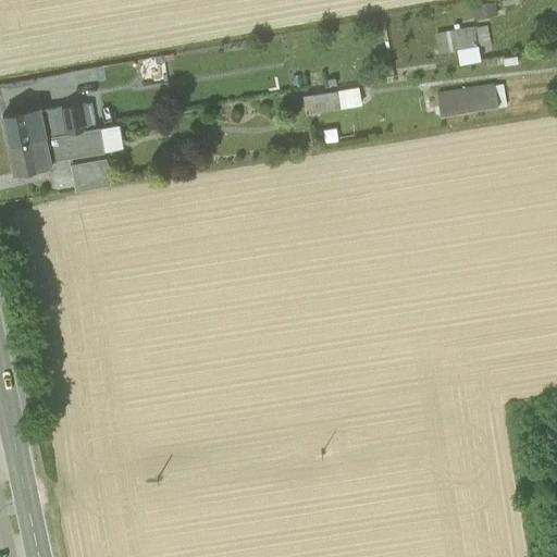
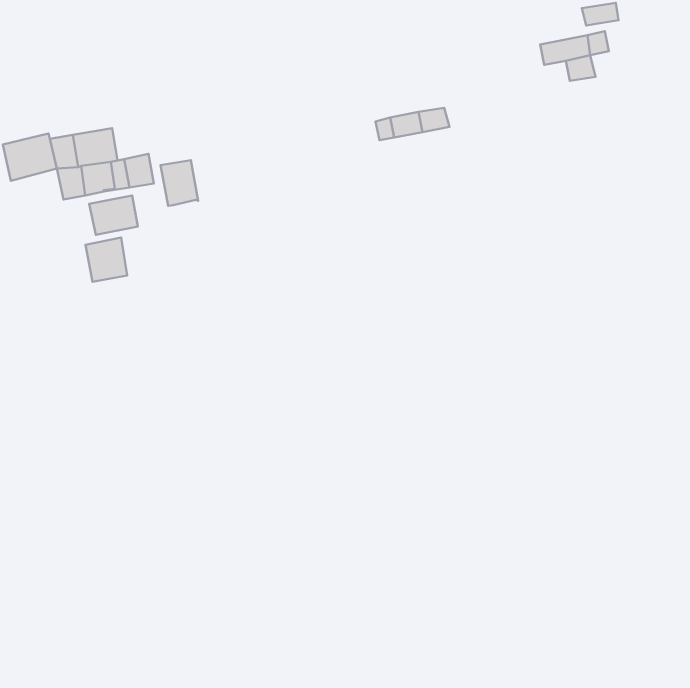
building: [438,85,499,116] -> none
building: none -> [161,160,198,206]
building: [9,137,51,175] -> none
building: none -> [86,238,127,282]

